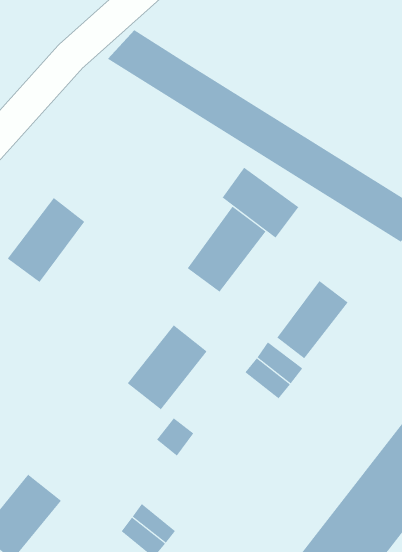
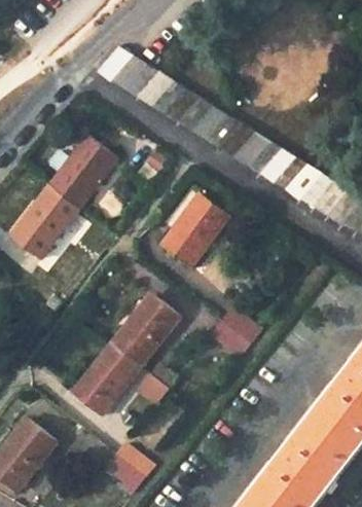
building: none -> [46,136,114,207]
building: [222,167,299,238] -> none
building: [276,280,349,359] -> none
building: none -> [72,342,140,415]

